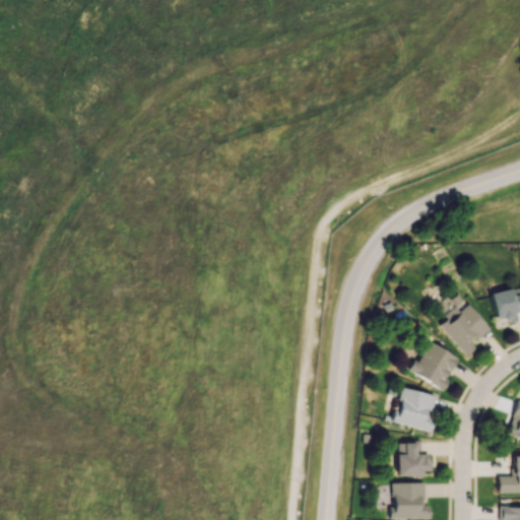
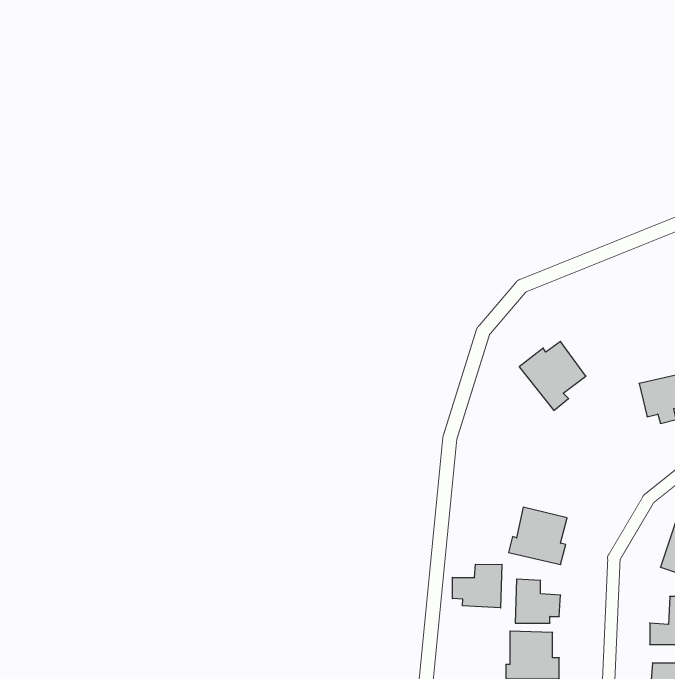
building: [440,304,491,356] -> [519,341,586,411]
building: [411,341,459,391] -> none
building: none -> [452,564,502,608]

